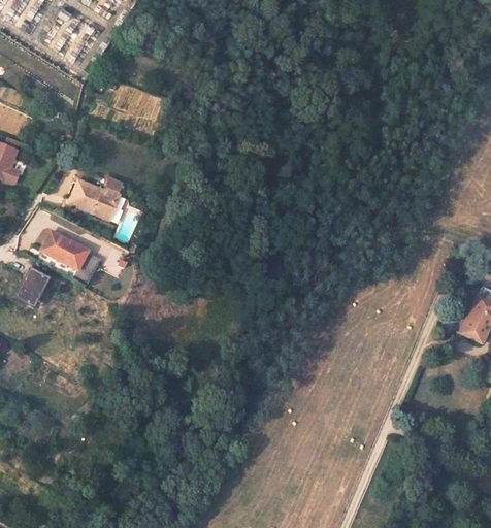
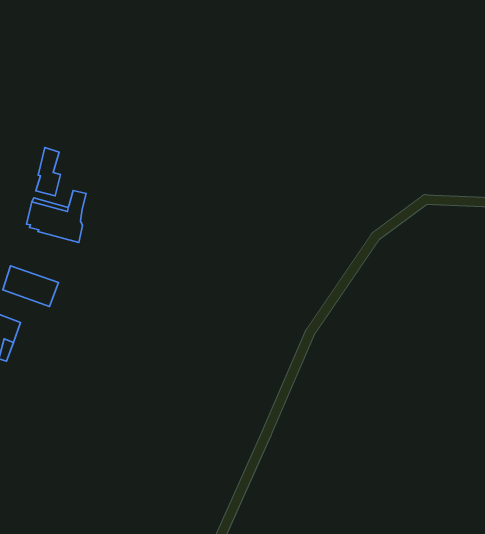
building: none -> [36,147,61,196]

